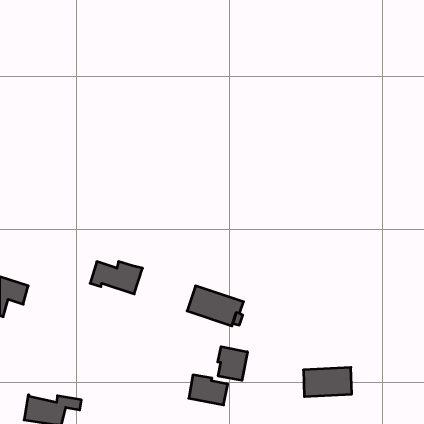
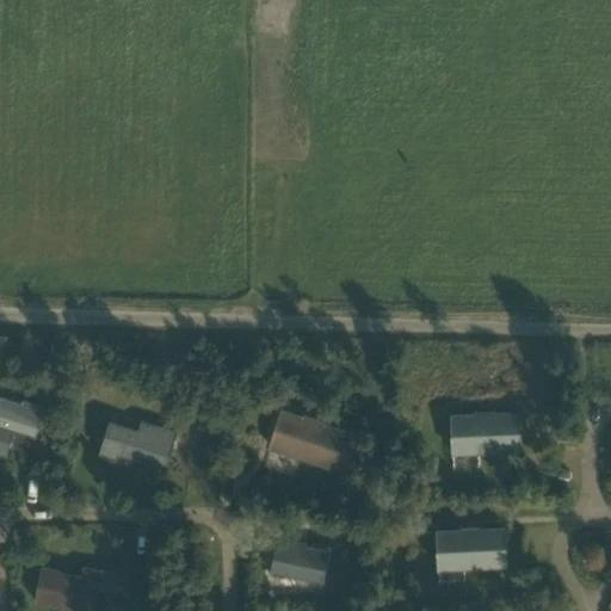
building: [90,262,143,294] -> [100,424,175,470]
building: none -> [450,414,519,455]
building: [218,347,247,380] -> none

